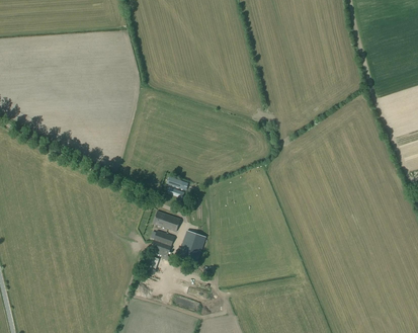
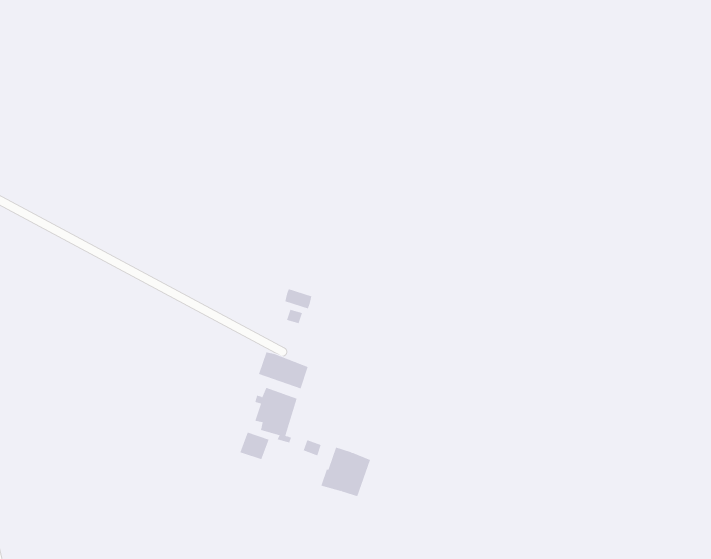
building: [179,230,206,257] -> [320,447,371,497]

